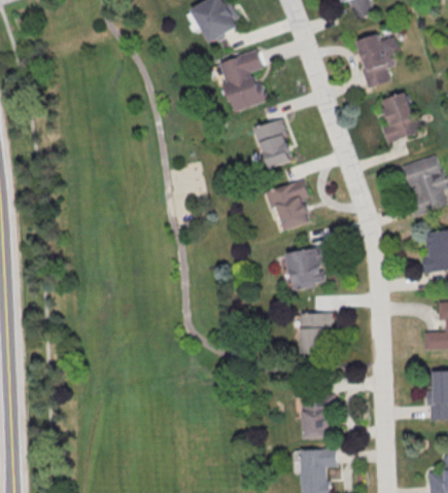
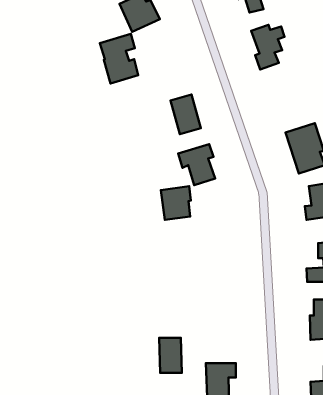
building: [220,50,268,111] -> [100,34,138,83]
building: [380,93,418,142] -> none
building: [288,247,325,288] -> [161,186,191,220]
building: [301,313,331,353] -> none
building: [303,395,331,438] -> [159,338,182,373]

